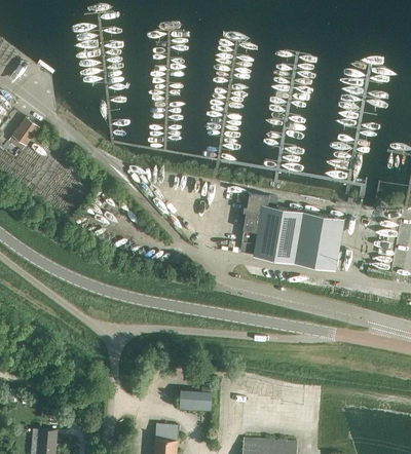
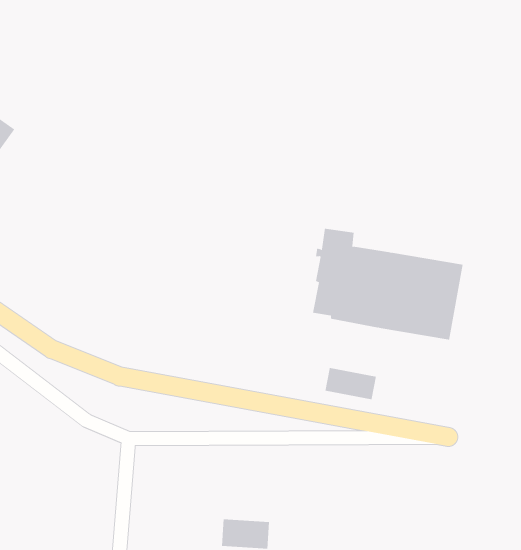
building: none -> [325,367,377,400]

